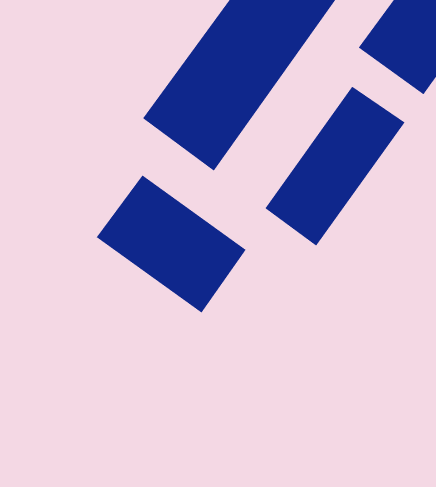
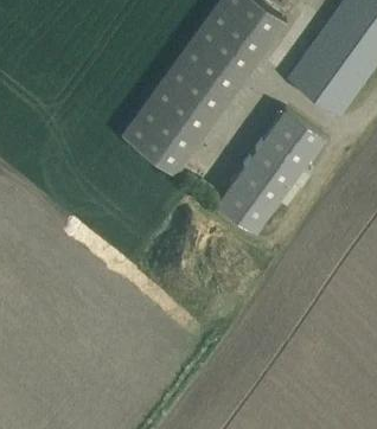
building: [96,174,247,313] -> none

